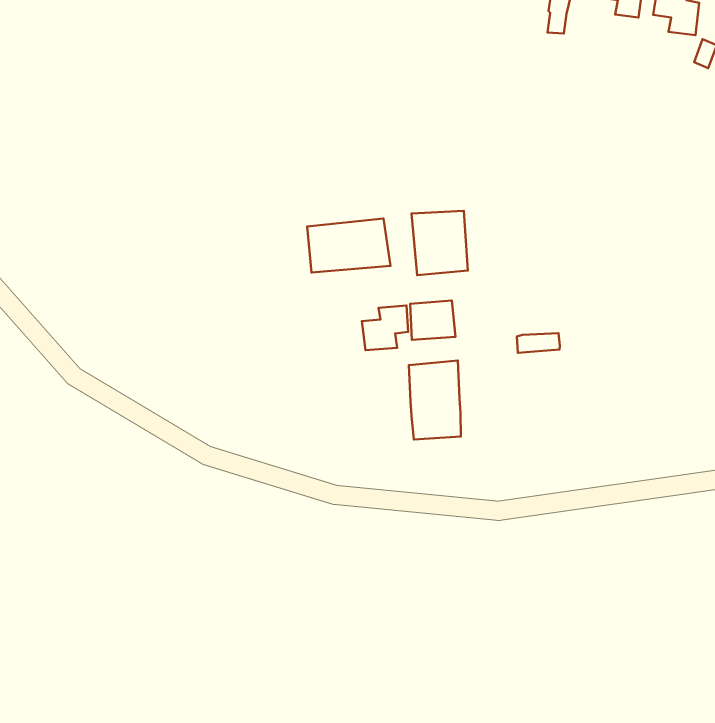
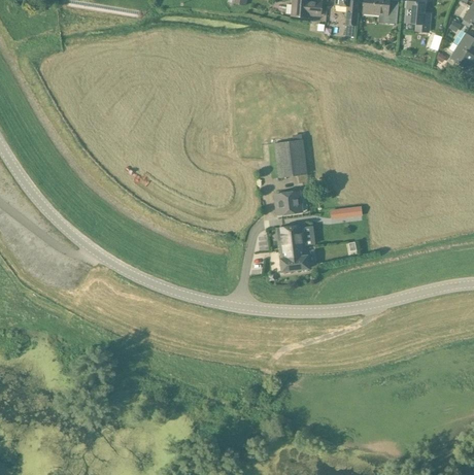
building: [307,218,390,273] -> none
building: [362,306,408,350] -> none

